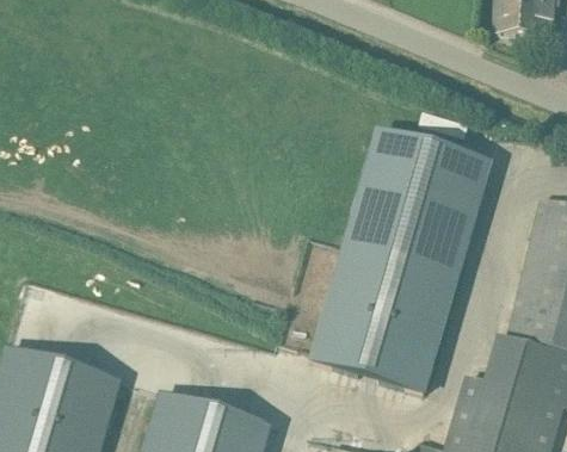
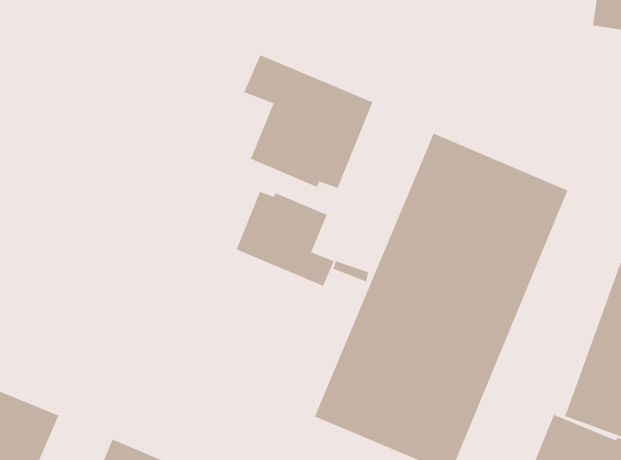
building: none -> [243,54,373,189]
building: none -> [236,191,335,287]

